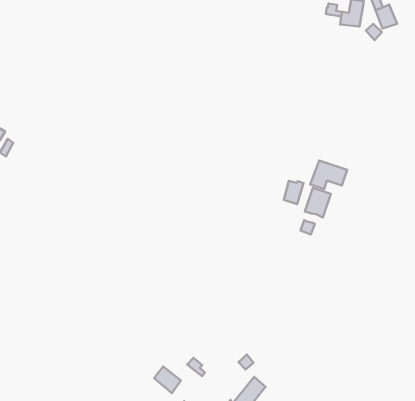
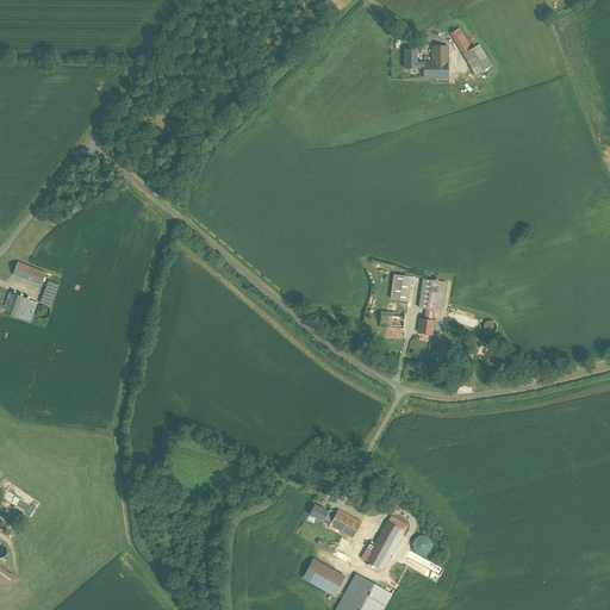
building: [310,161,347,189] -> none
building: none -> [379,311,404,337]
building: [154,367,181,393] -> [329,509,361,539]

